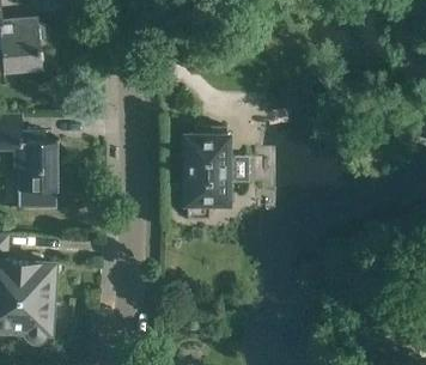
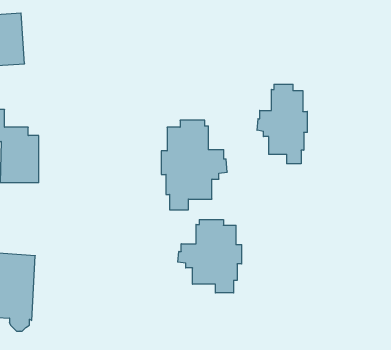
building: none -> [257,84,307,164]
building: none -> [178,220,242,293]

